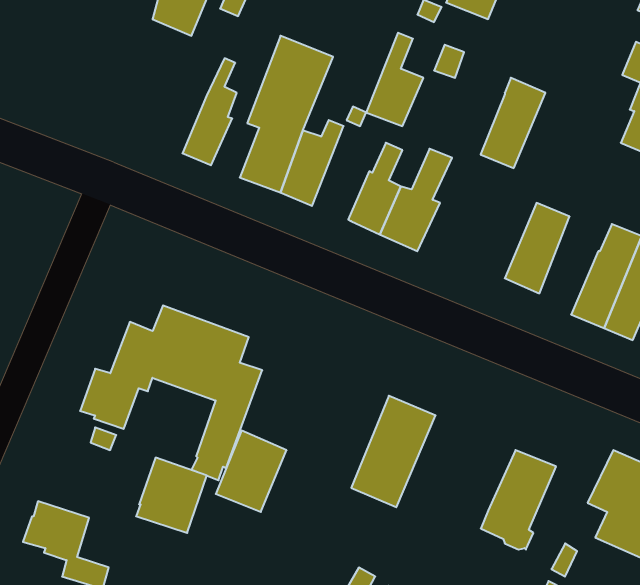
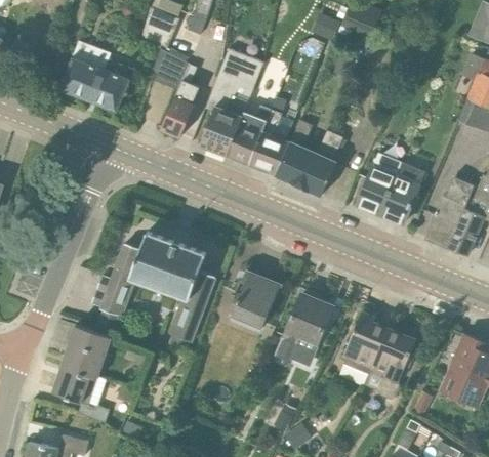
building: none -> [60,40,133,111]
building: [366,33,423,126] -> [249,110,288,173]
building: none -> [149,48,190,89]
building: [481,78,545,168] -> [358,152,402,213]
building: none -> [341,313,388,371]
building: [216,431,287,512] -> [232,272,280,327]
building: [136,458,207,533] -> [63,325,111,376]

